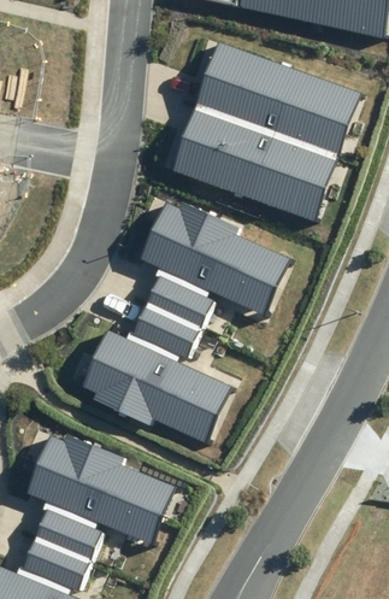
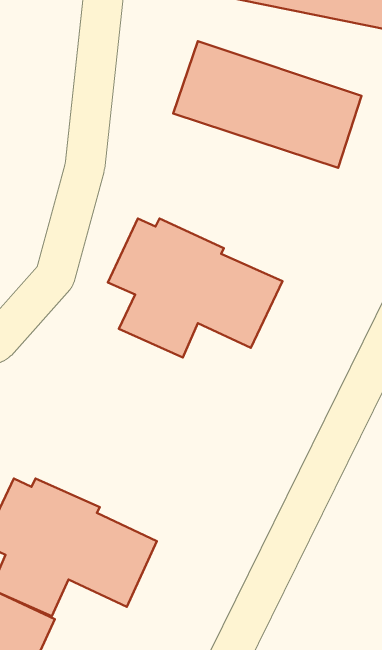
building: [172,110,338,221] -> none
building: [78,300,235,446] -> none

